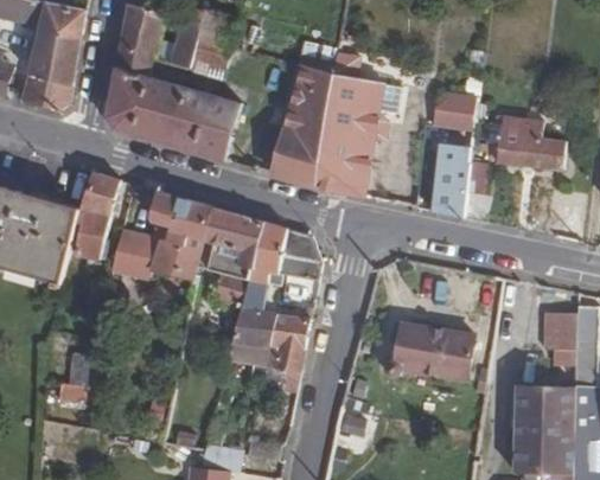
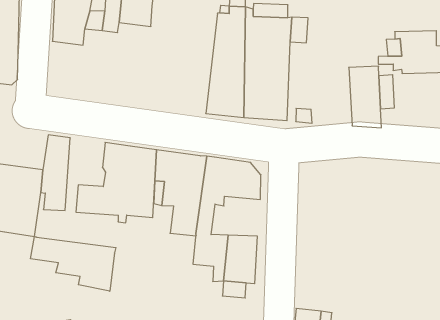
building: [106,69,240,160] -> none
building: [434,87,480,129] -> none
building: none -> [31,236,116,291]
building: [382,322,473,378] -> none

